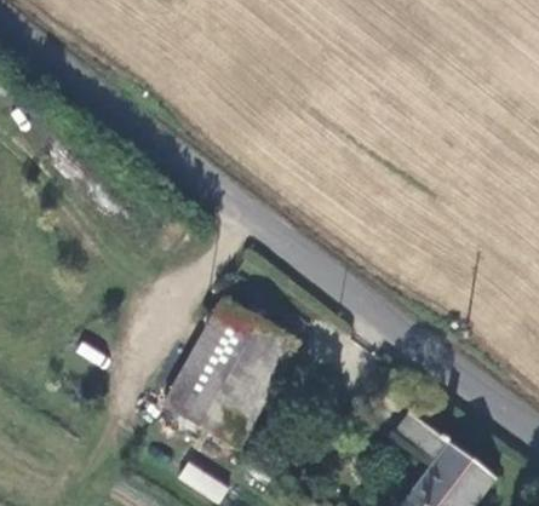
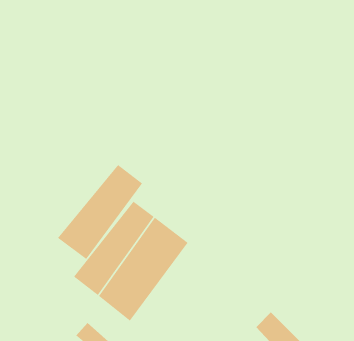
building: none -> [57,164,143,260]

